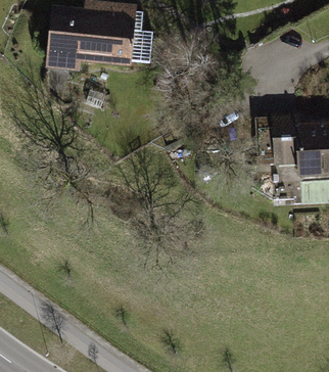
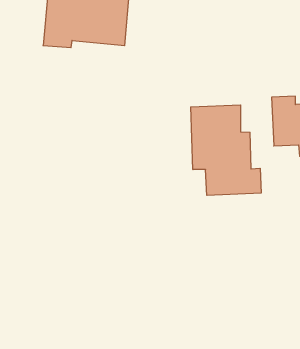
building: none -> [191,105,261,195]

